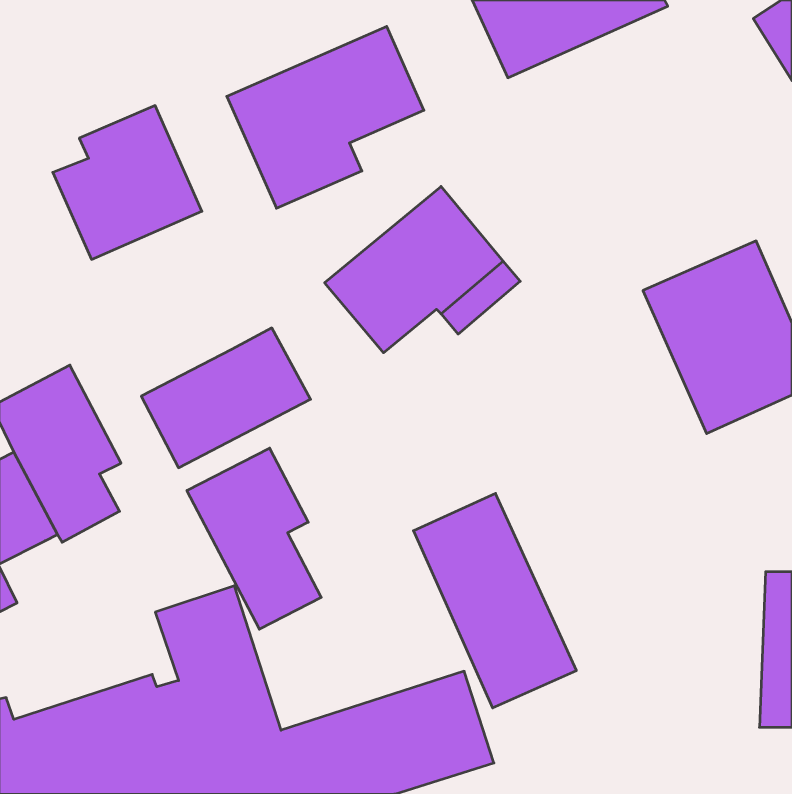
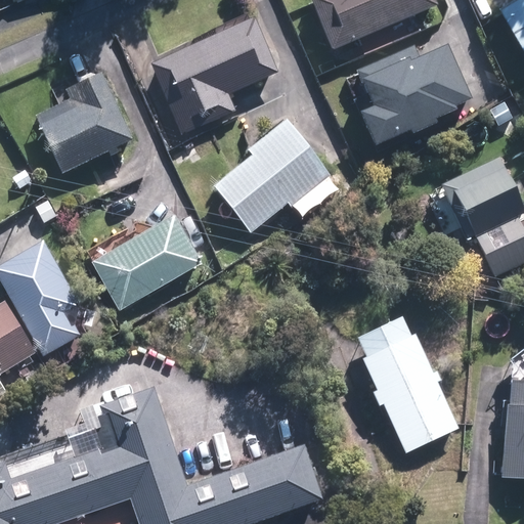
building: none -> [360,42,472,144]
building: [187,448,321,629] -> none
building: [413,493,576,708] -> [352,312,460,453]

